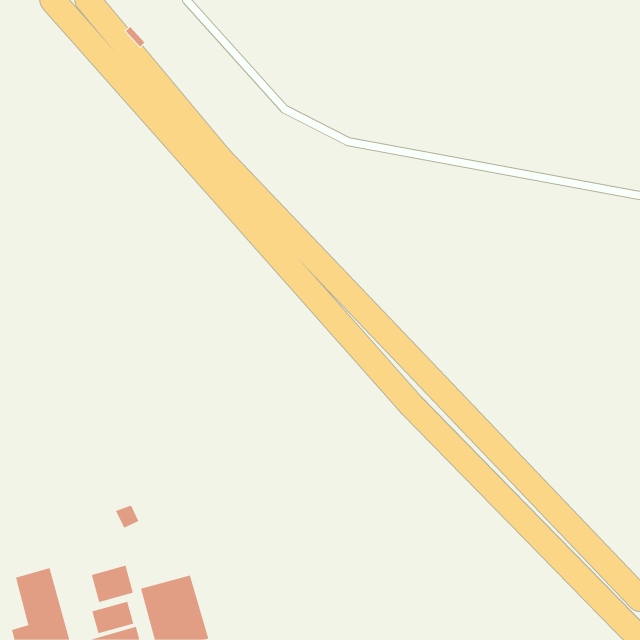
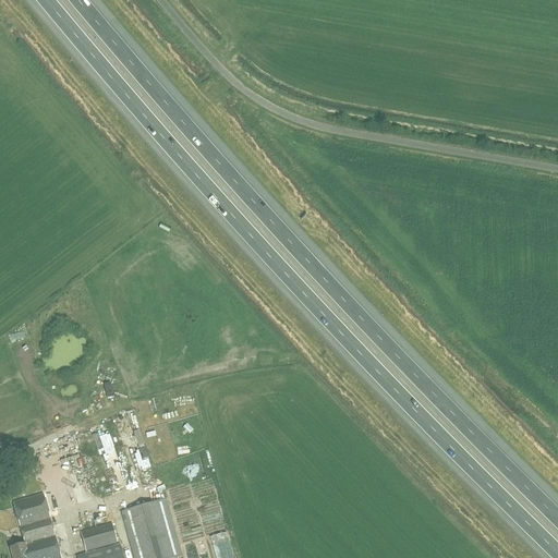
building: [91,565,134,603] -> none

